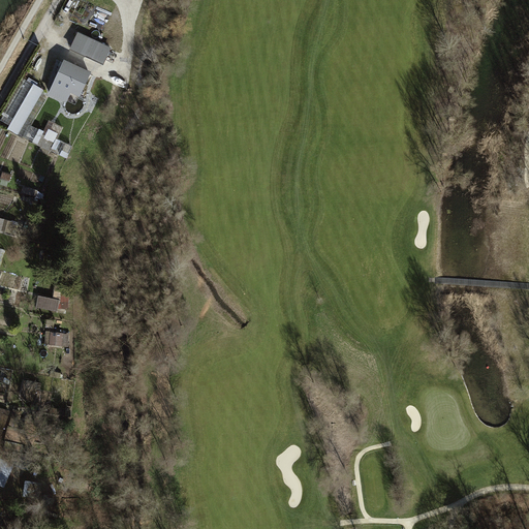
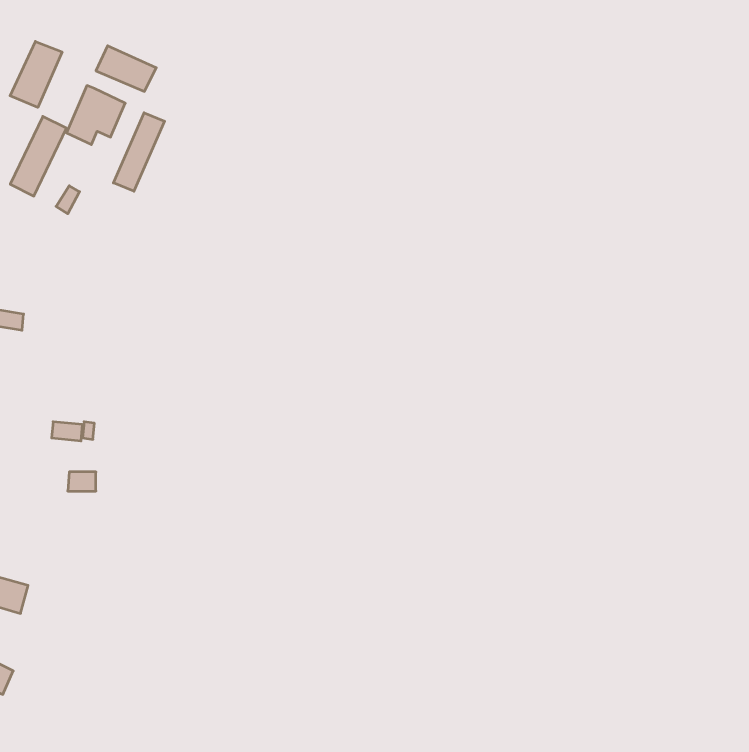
building: none -> [10,41,62,107]
building: none -> [113,113,165,191]

